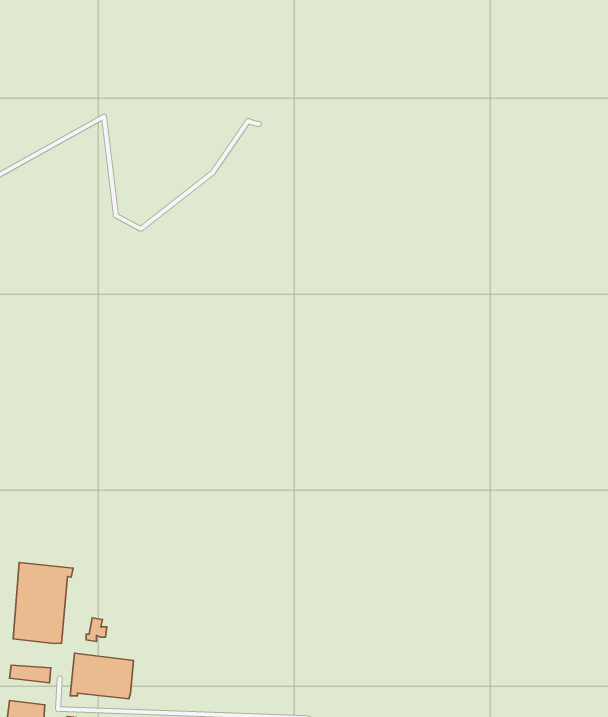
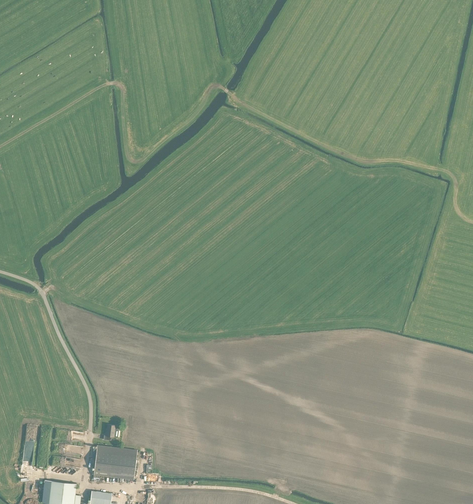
building: [13,563,73,643] -> none

